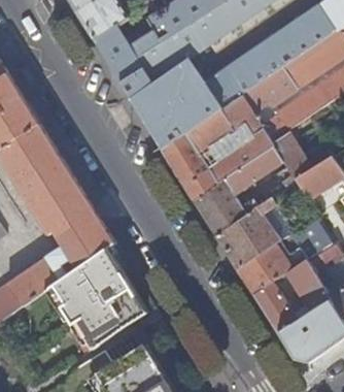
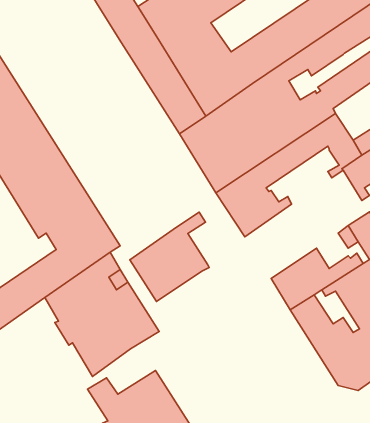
building: [215,196,280,269] -> [130,212,209,301]

